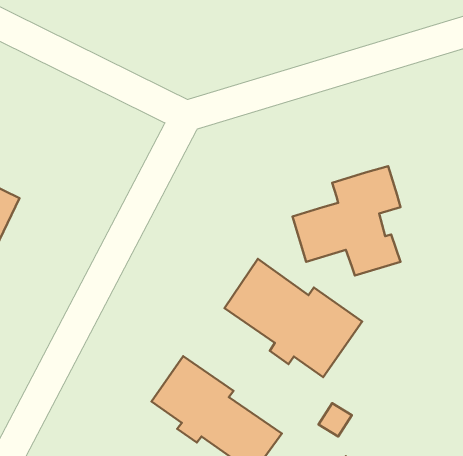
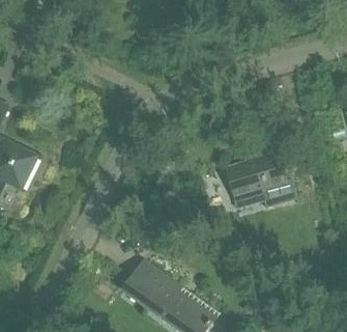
building: [225,259,362,377] -> none

